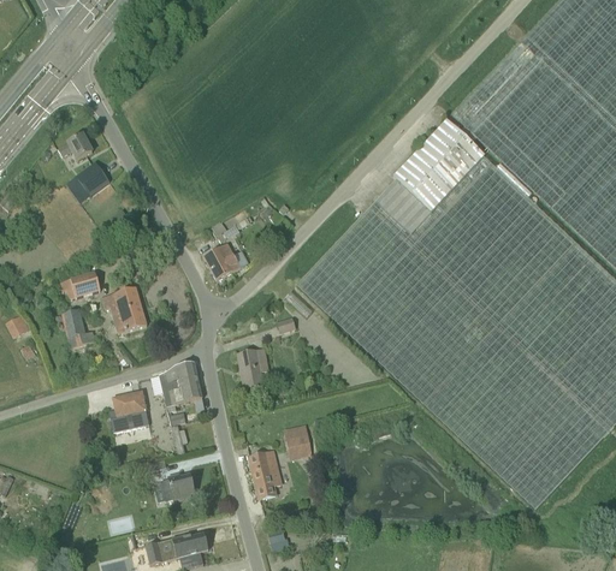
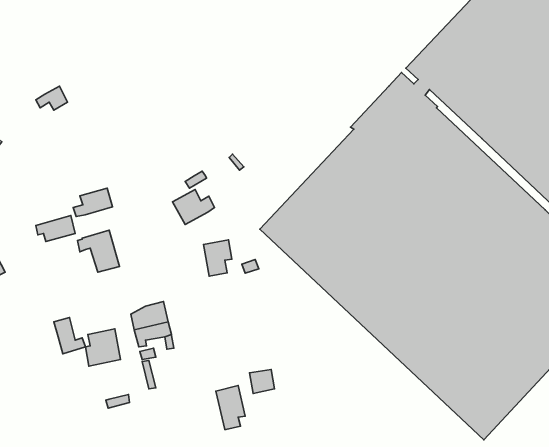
building: [76,161,109,195] -> none
building: none -> [73,188,112,217]
building: [61,309,95,347] -> [54,317,85,354]
building: [237,349,267,387] -> [203,240,232,276]
building: [160,474,194,501] -> none

